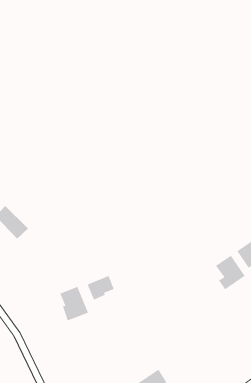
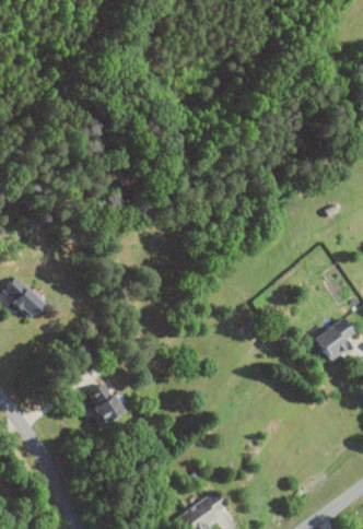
building: [215,255,245,290] -> none
building: [87,275,114,301] -> none

